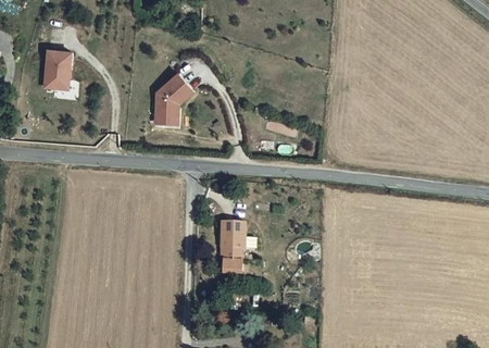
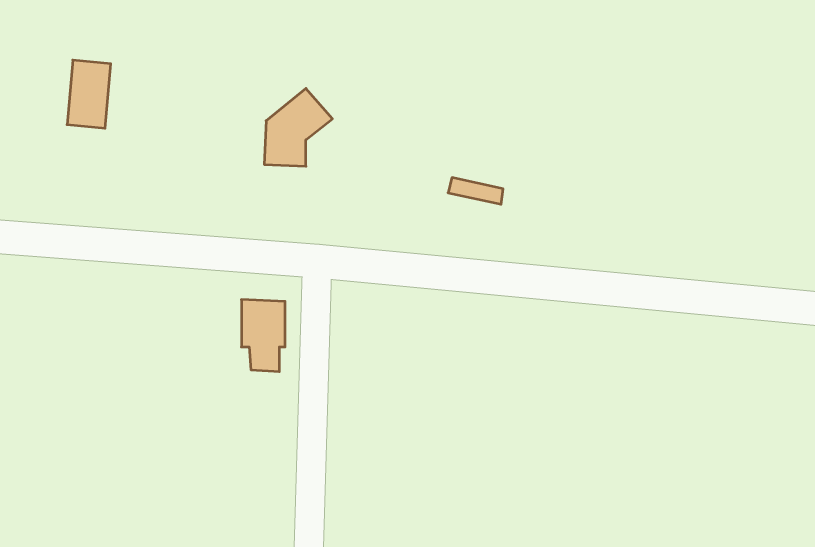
building: [220,221,245,262] -> [241,300,285,372]

